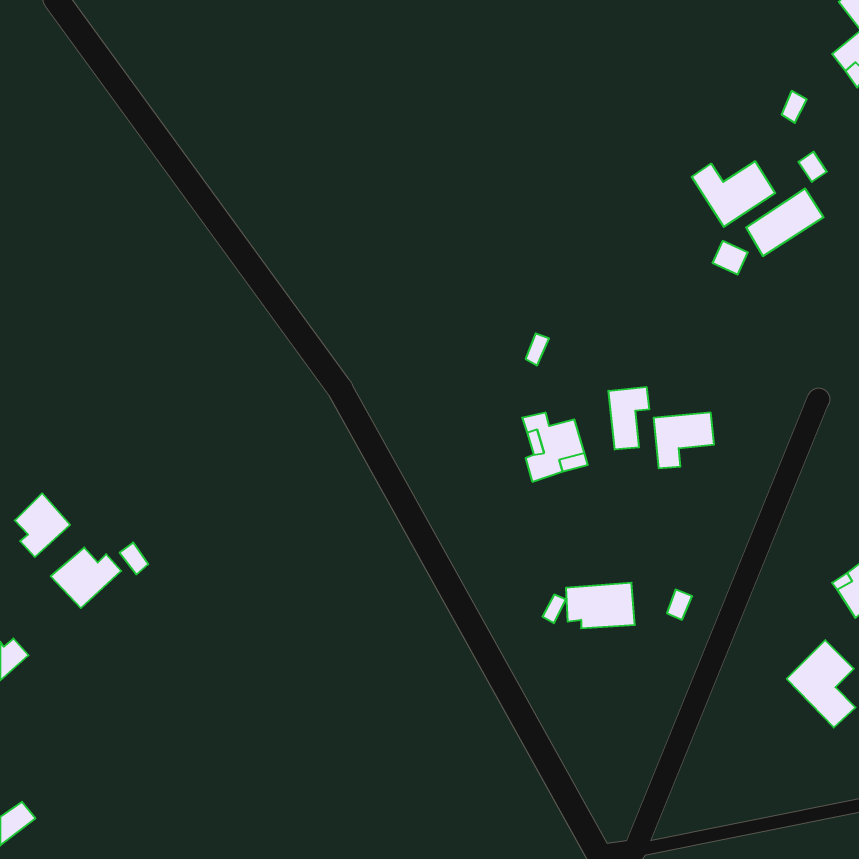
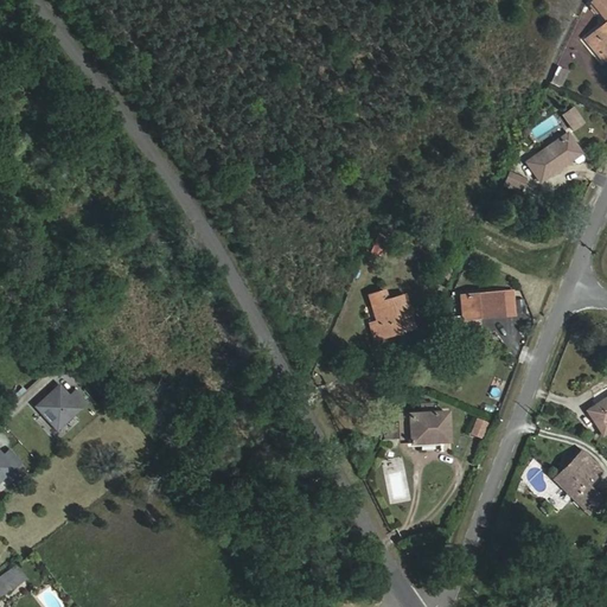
building: [692,161,775,227] -> none
building: [608,387,649,450] -> none
building: [15,493,70,557] -> none

